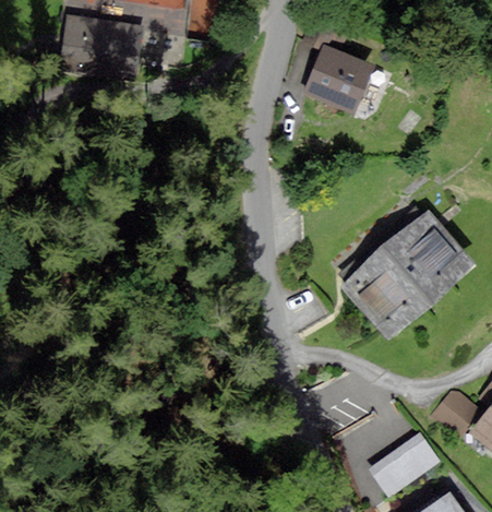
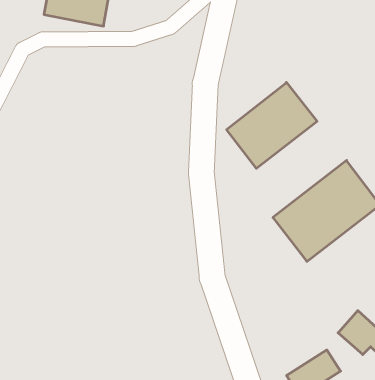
building: [308,45,370,107] -> none
building: none -> [227,82,317,168]

